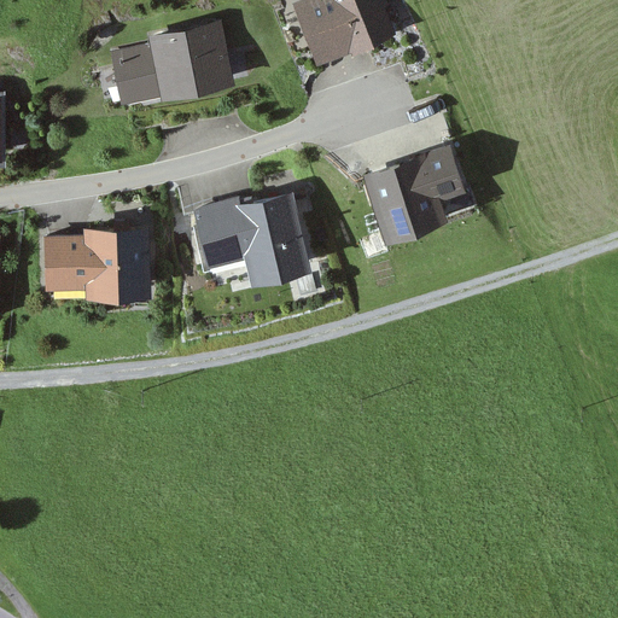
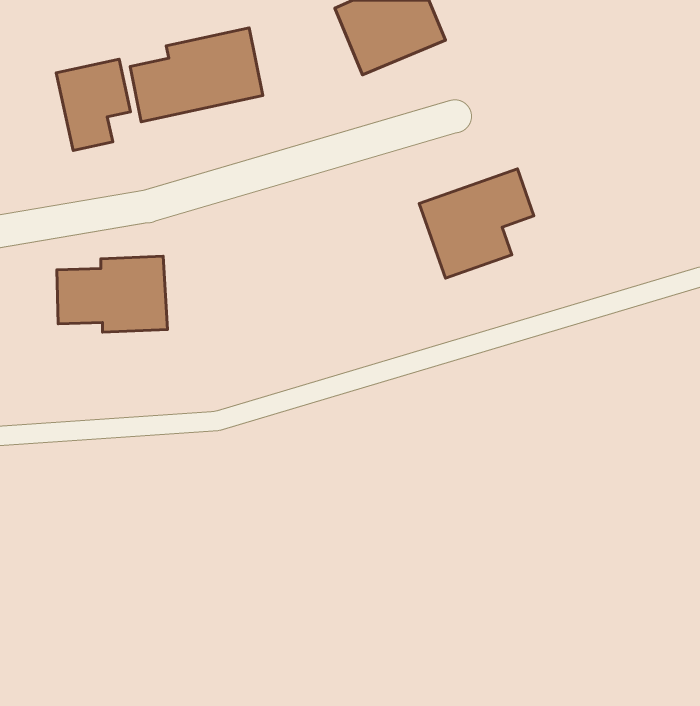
building: none -> [56,59,130,150]
building: [192,192,313,287] -> none

